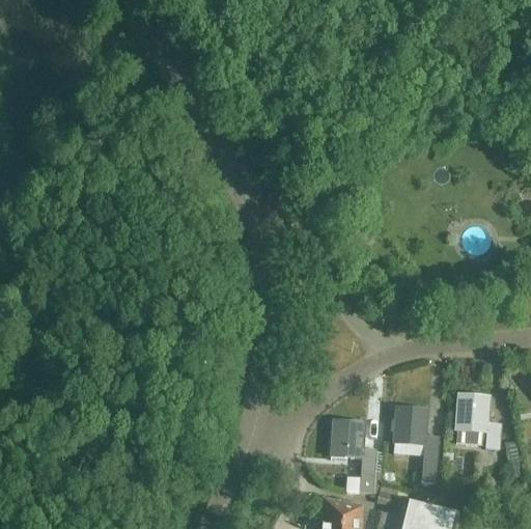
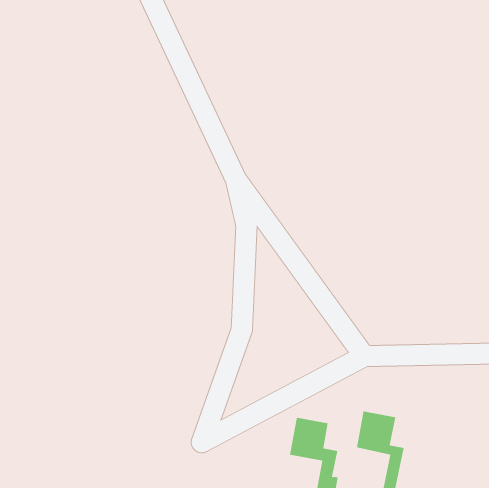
building: [455,393,500,448] -> none

